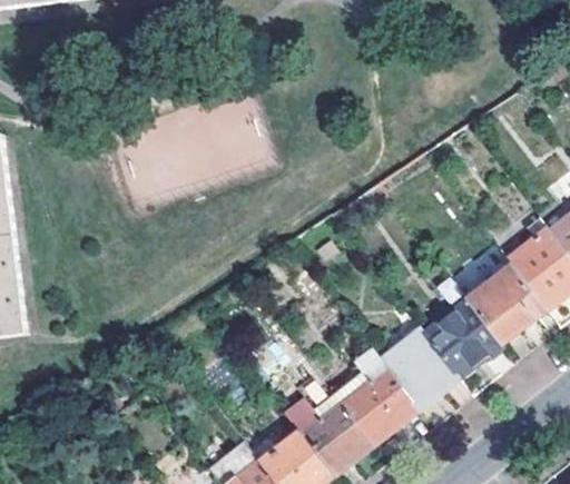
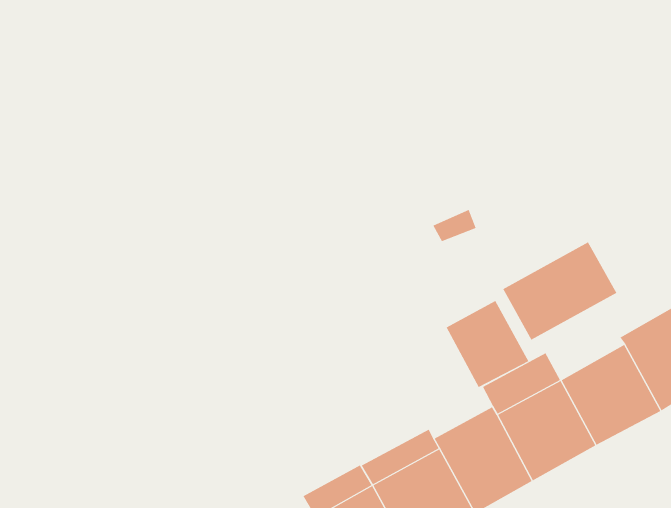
building: none -> [503,242,617,340]
building: none -> [446,300,529,388]

